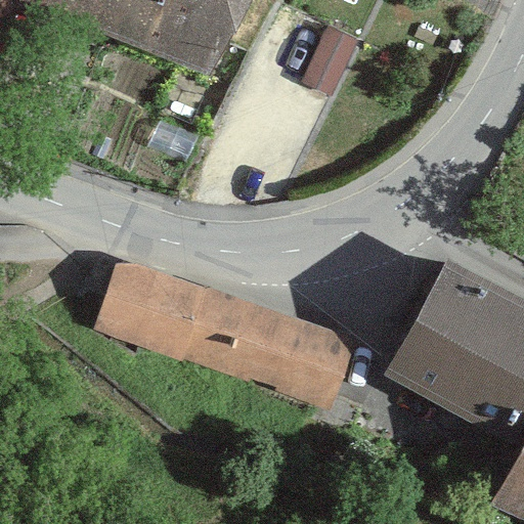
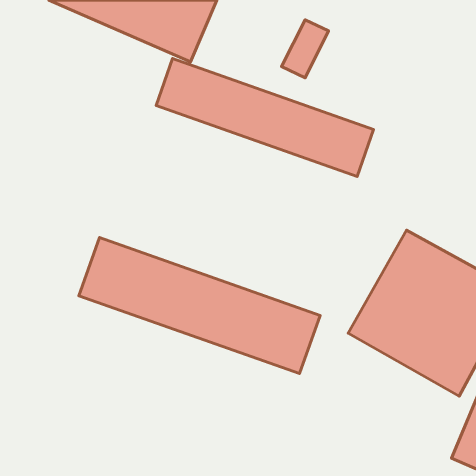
building: none -> [156,58,374,176]

